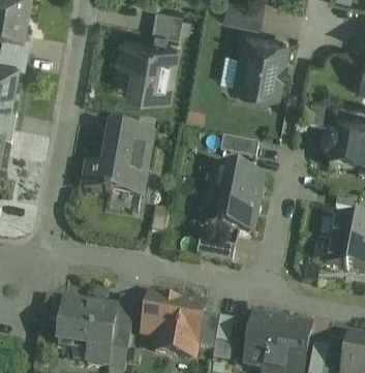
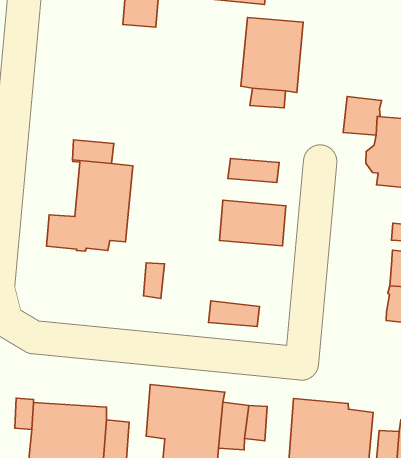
building: [119,38,177,97] -> none
building: [205,195,255,232] -> none

